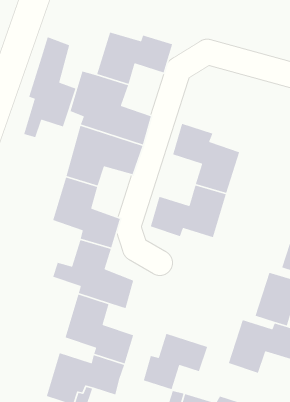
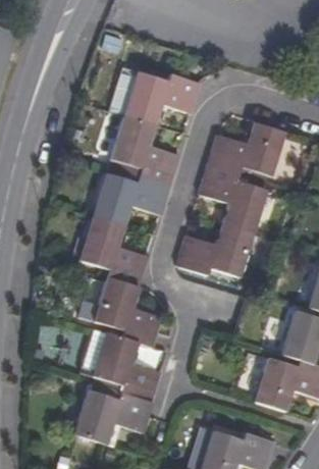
building: [23,36,77,138] -> none
building: none -> [209,121,285,175]
building: [143,333,208,390] -> none

